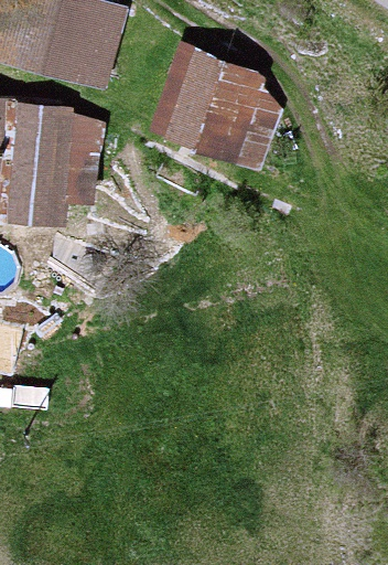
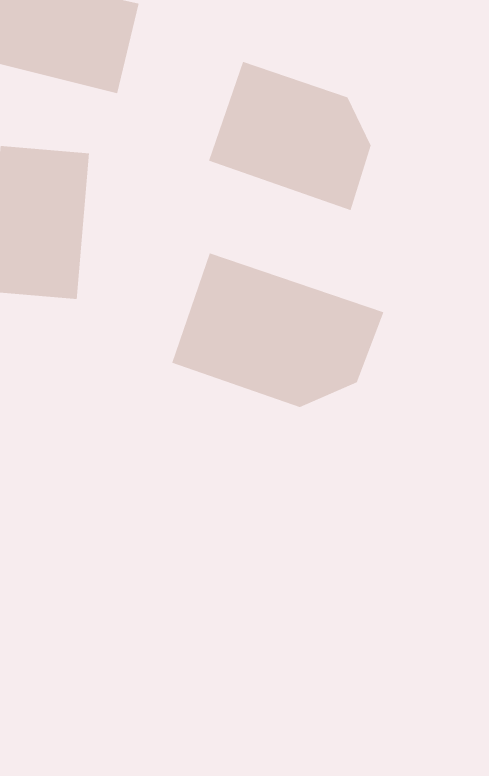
building: none -> [172,252,384,408]

